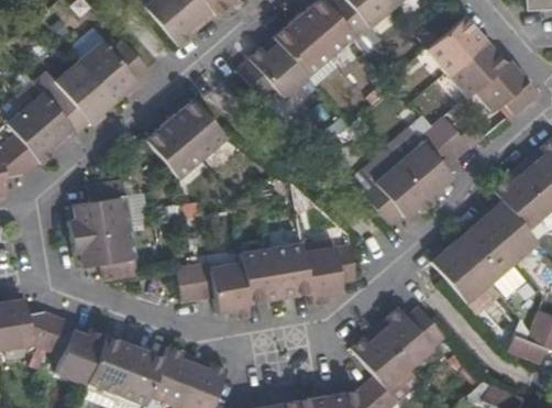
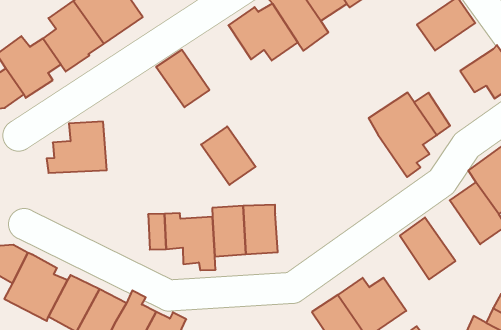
building: [446,41,505,97] -> none
building: [144,119,201,177] -> [201,126,256,185]
building: [363,163,432,224] -> none
building: [454,221,512,282] -> none
building: [71,228,137,279] -> none
building: [303,245,356,305] -> none

